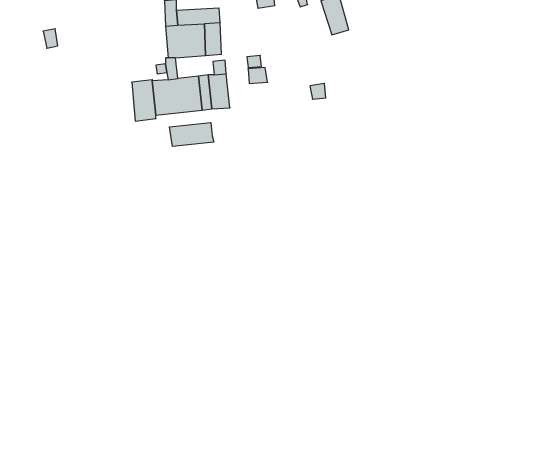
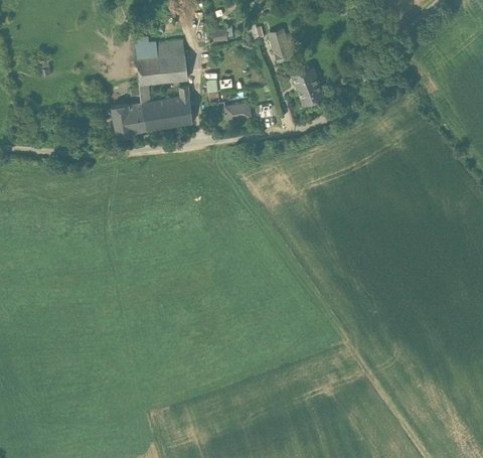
building: none -> [291,66,322,104]
building: none -> [223,103,251,121]
building: [170,123,214,146] -> none

